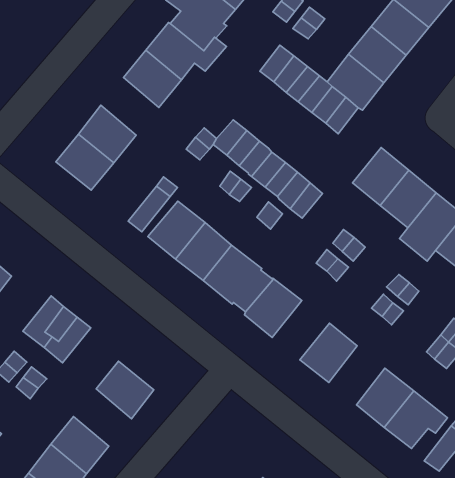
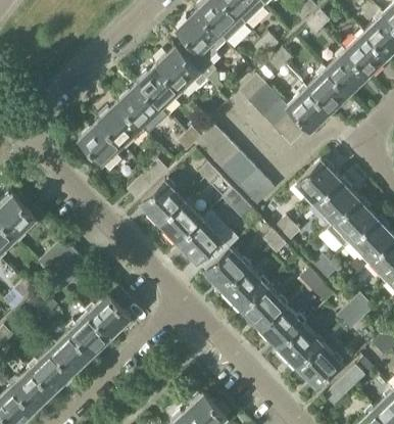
building: none -> [117,84,160,128]
building: none -> [223,267,266,311]
building: none -> [260,305,303,349]
building: none -> [67,313,110,357]

